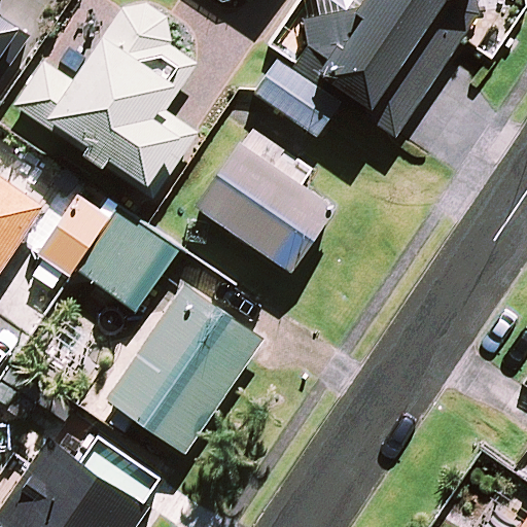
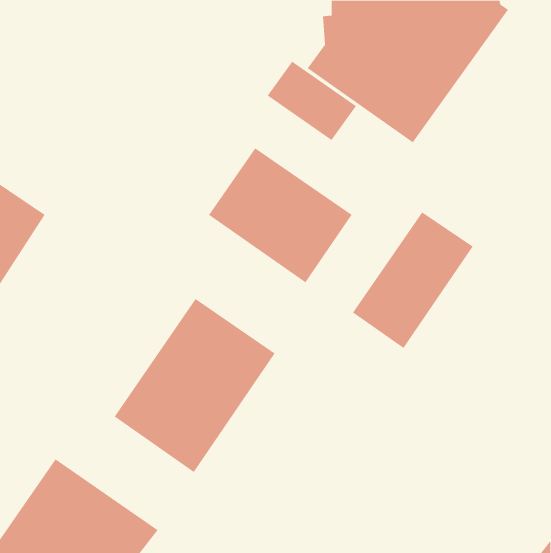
building: [19,12,195,188] -> none
building: [35,194,176,308] -> none
building: none -> [352,211,473,349]

